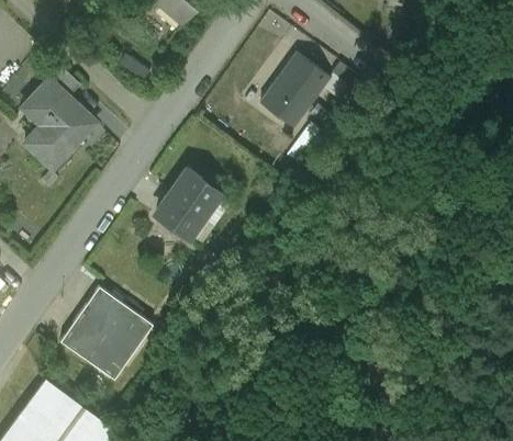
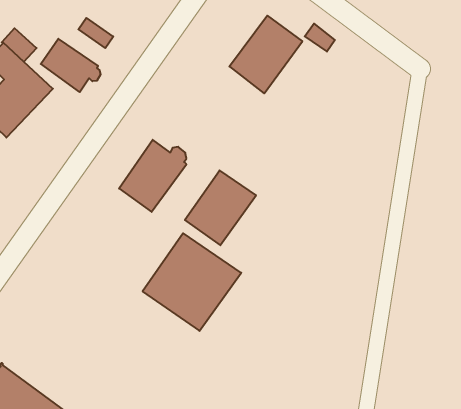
building: none -> [41,39,100,92]
building: none -> [185,170,256,245]
building: [59,289,153,381] -> [143,233,241,331]

